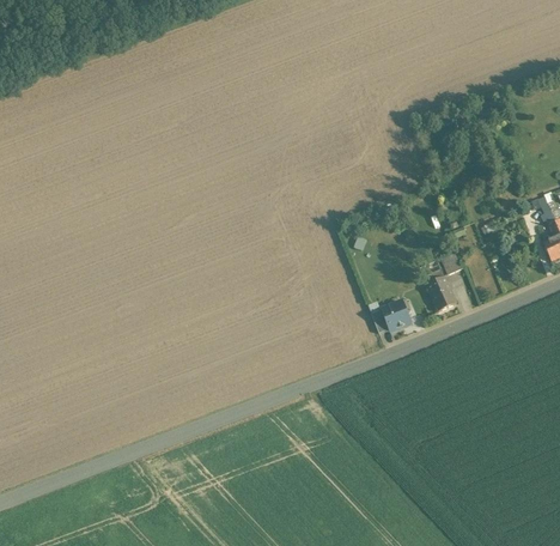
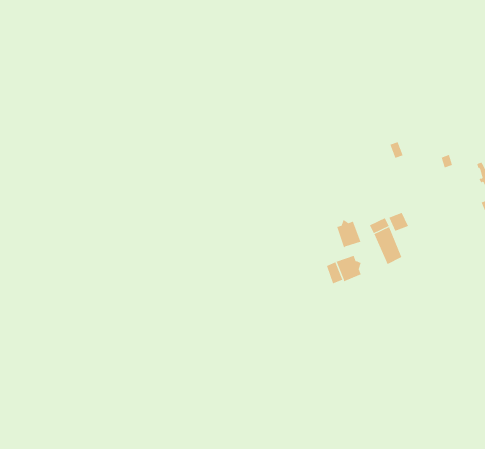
building: none -> [337,219,361,248]

